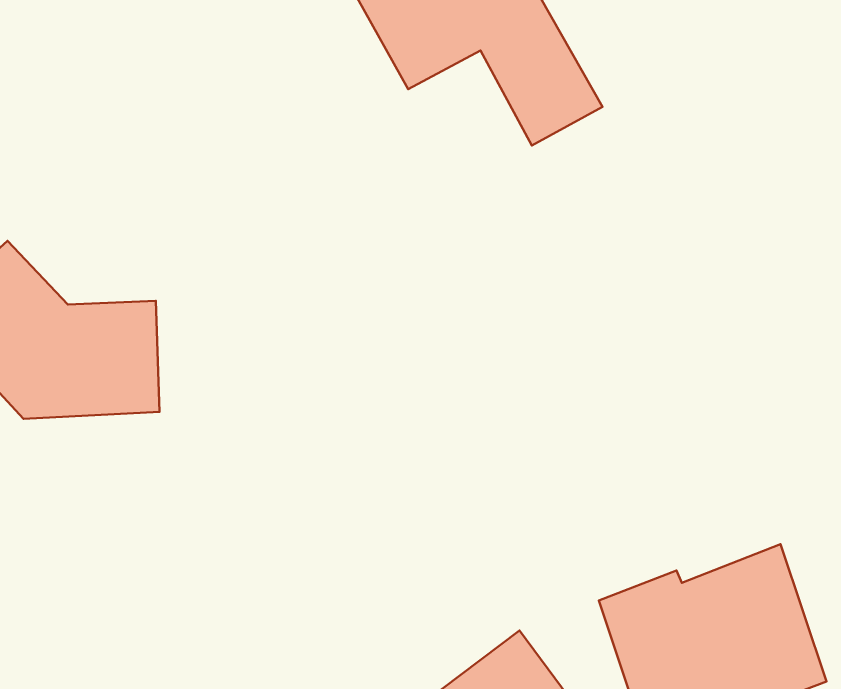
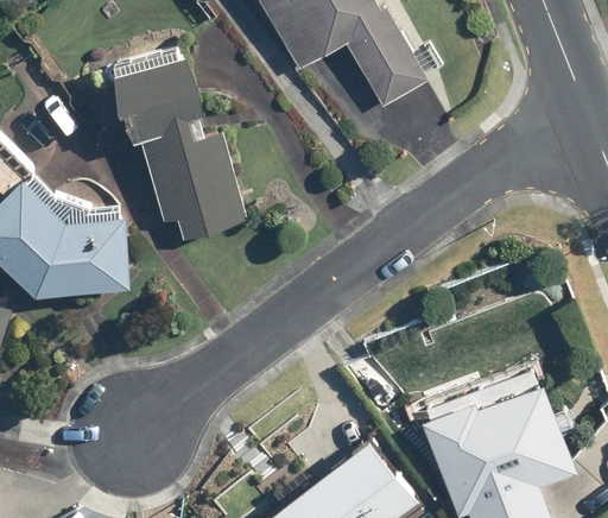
building: none -> [115,52,243,241]

